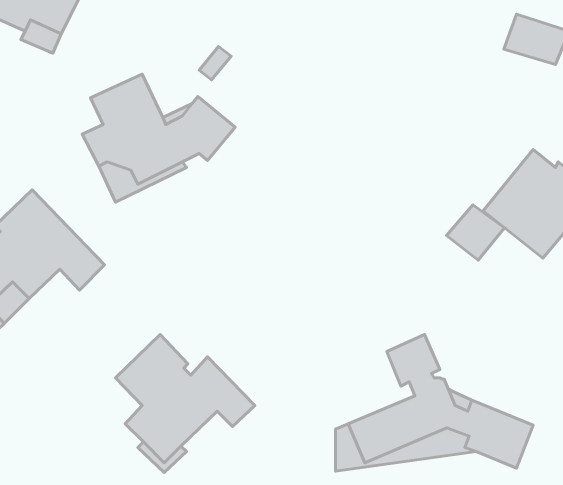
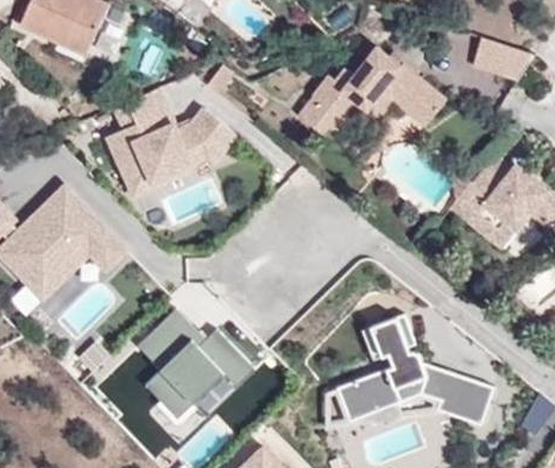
building: none -> [295,44,447,135]
building: [446,205,505,260] -> none

